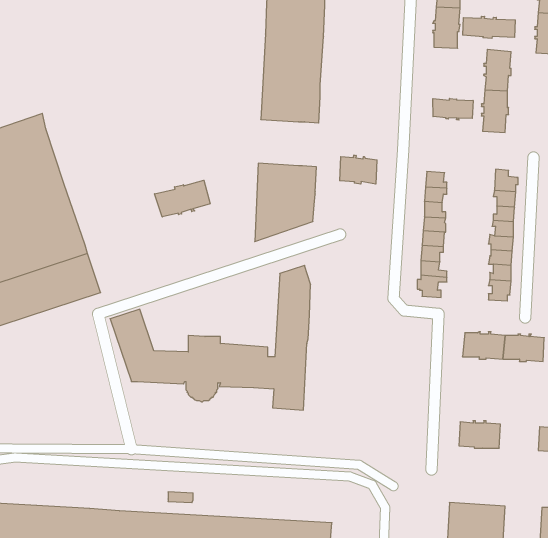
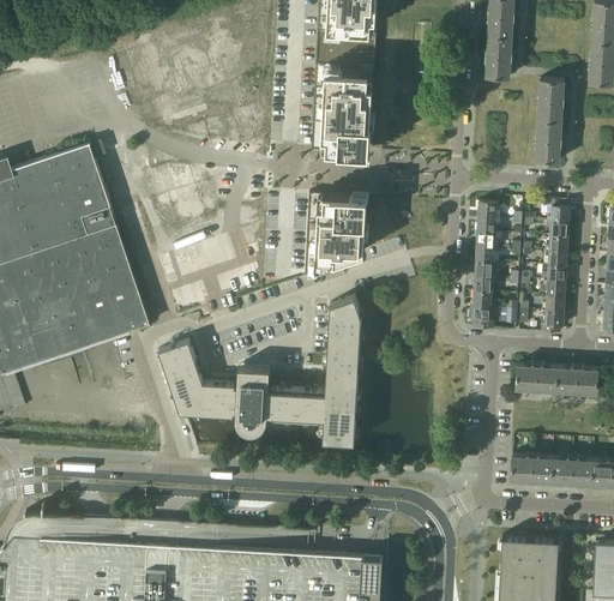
building: [463,16,515,38] -> none
building: [433,98,473,120] -> none
building: [340,155,377,184] -> none
building: [155,180,210,217] -> none
building: none -> [552,458,592,486]

